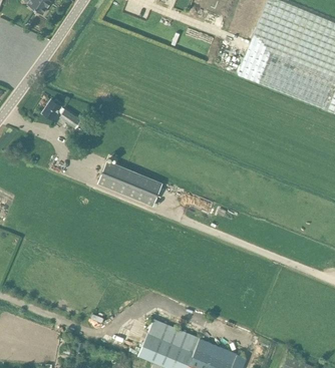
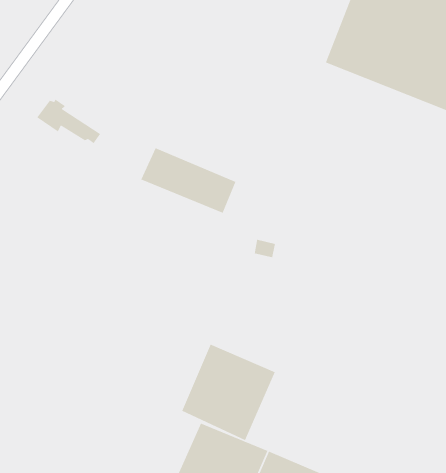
building: [97,159,162,205] -> [140,147,236,214]
building: none -> [181,343,276,441]

